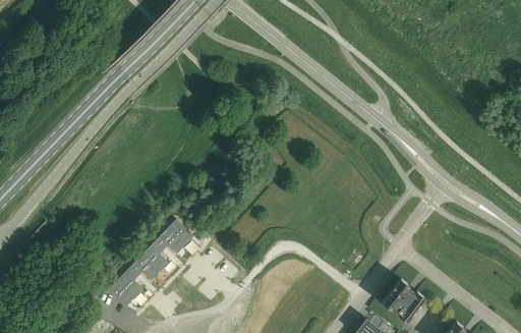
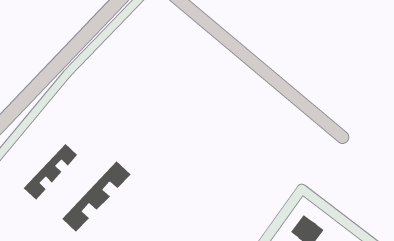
building: none -> [23,143,78,201]

